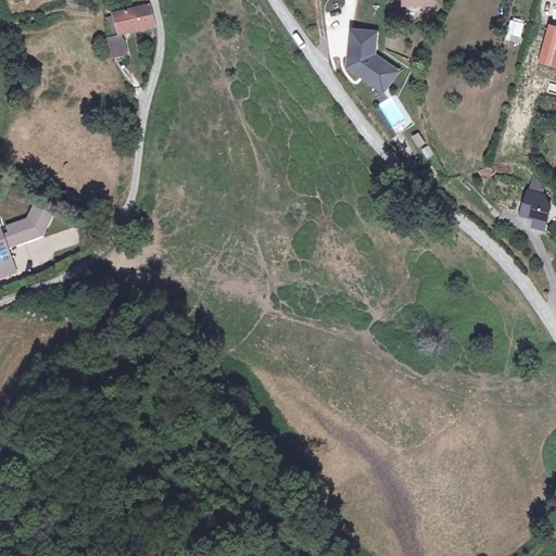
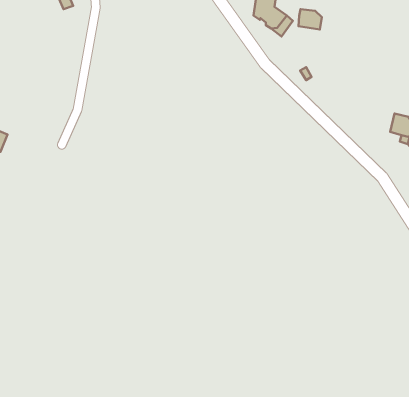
building: none -> [299,9,322,29]

